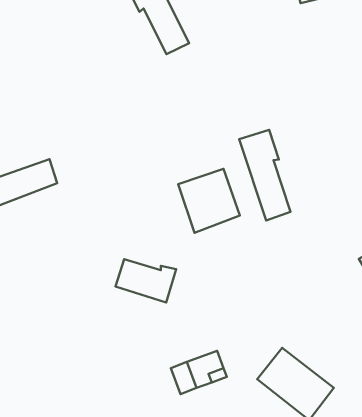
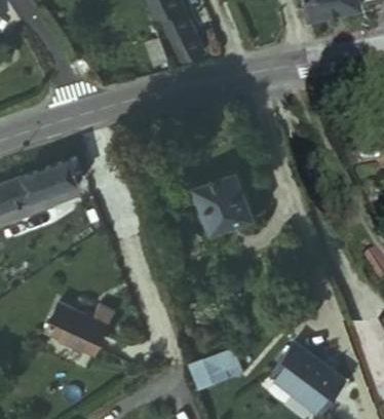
building: [239,130,291,221] -> none
building: [116,259,176,303] -> [46,306,104,347]

